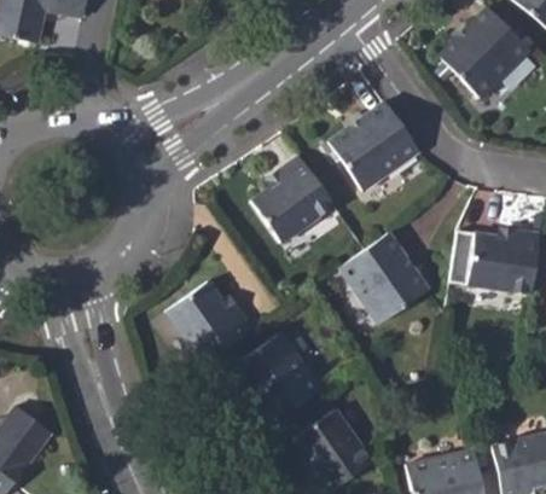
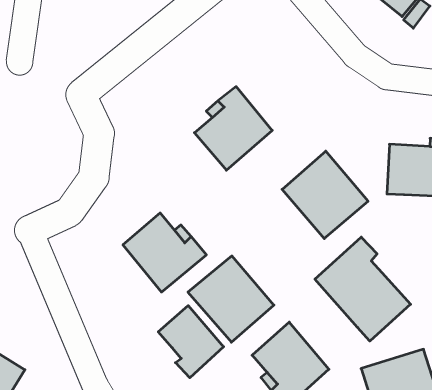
building: [329,101,420,191] -> none
building: none -> [315,237,411,341]
building: none -> [158,306,224,378]

